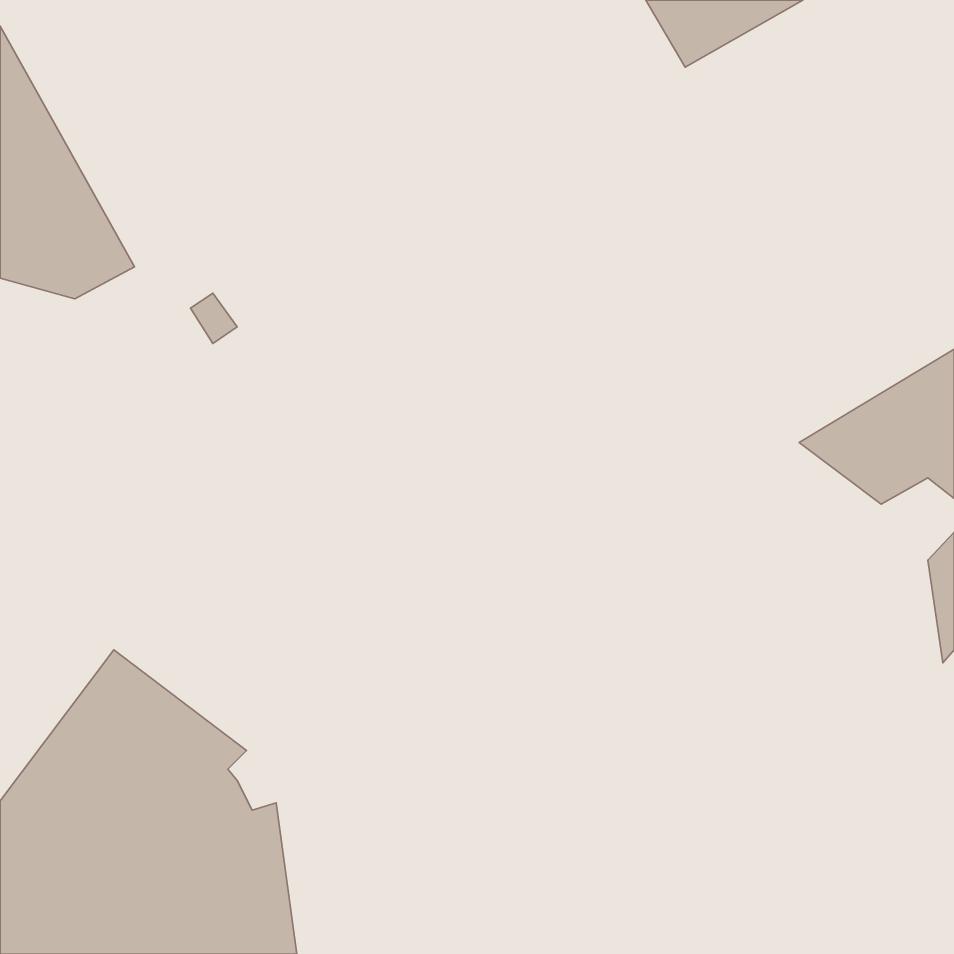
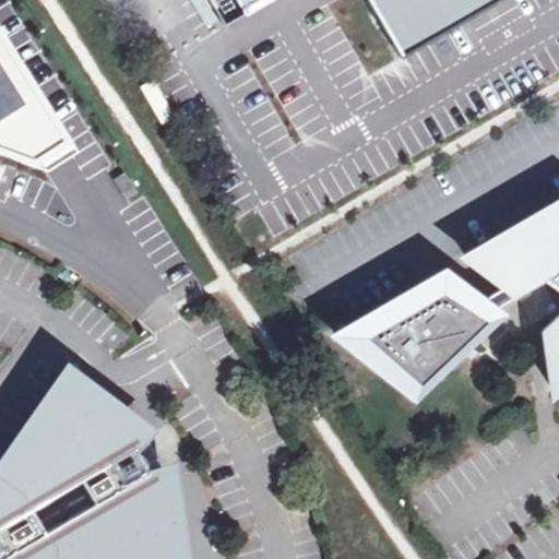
building: none -> [326,267,498,397]

